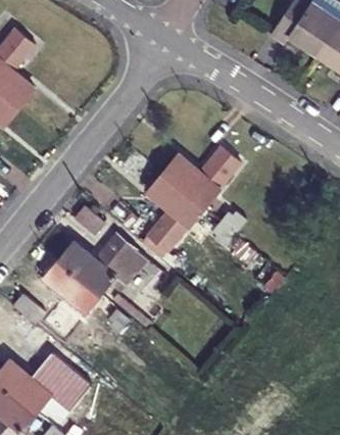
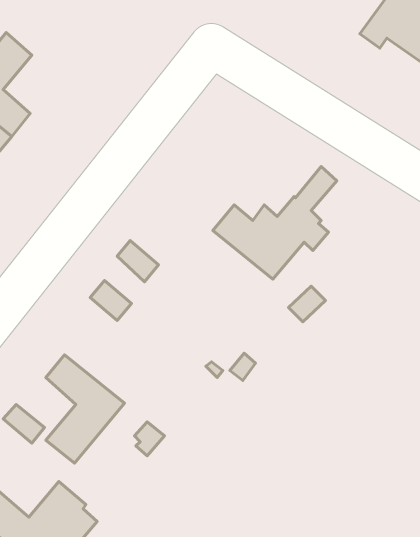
building: [146,173,205,251] -> none
building: [56,234,146,296] -> none

